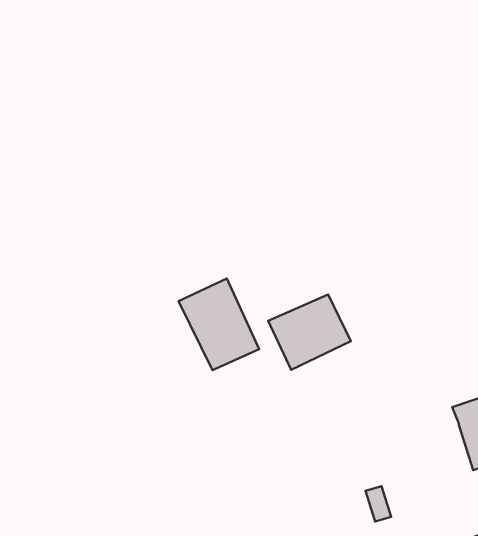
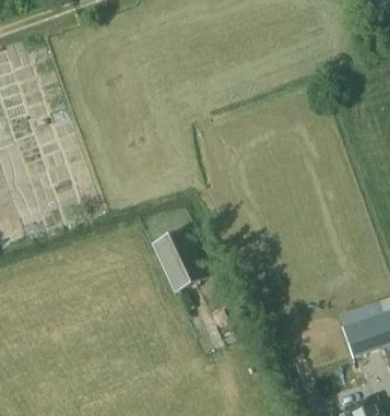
building: [268,294,351,370] -> none

